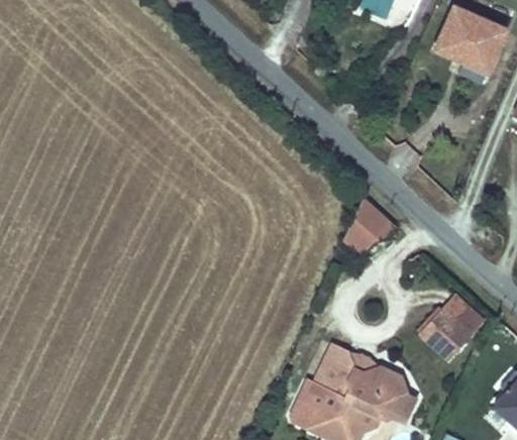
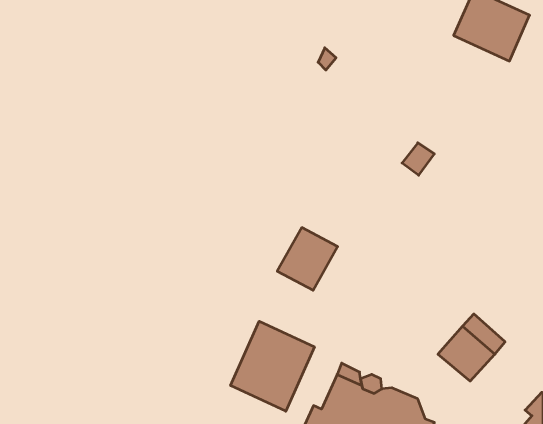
building: [338,199,393,255] -> [277,228,338,290]
building: none -> [231,321,314,411]

